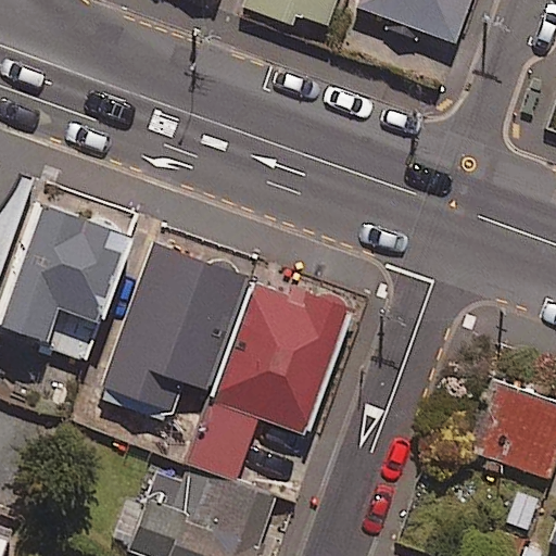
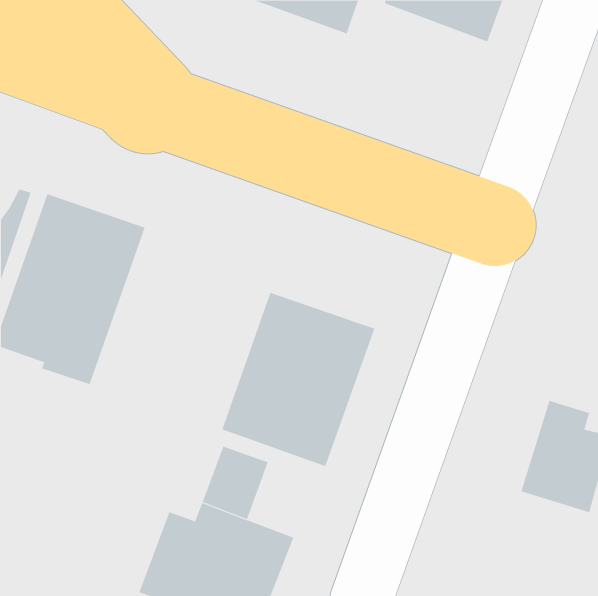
building: [96,238,251,425] -> none

